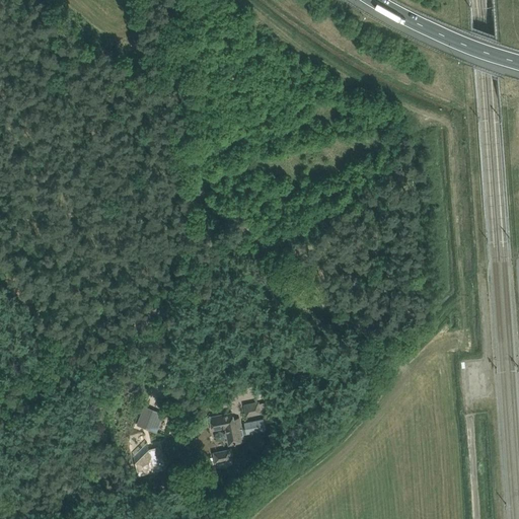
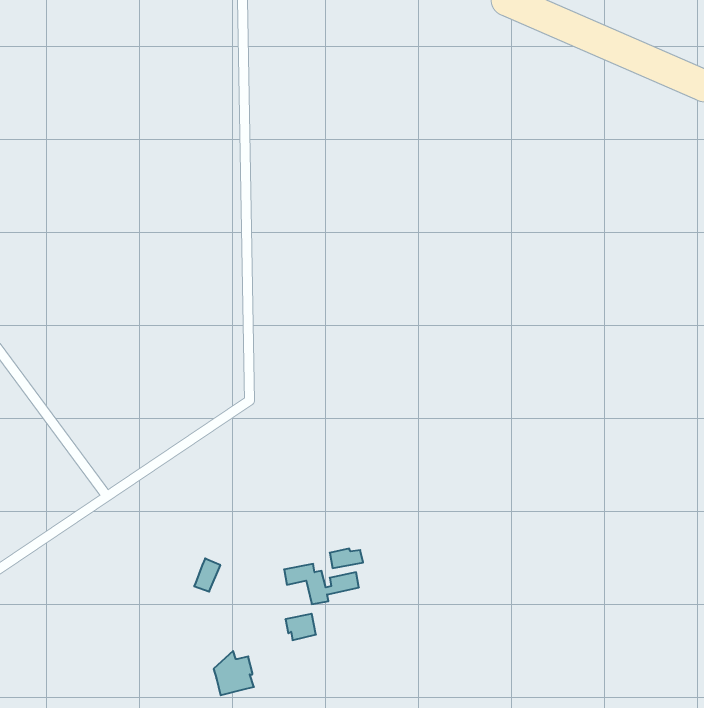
building: [130,443,159,475] -> [214,651,254,695]

